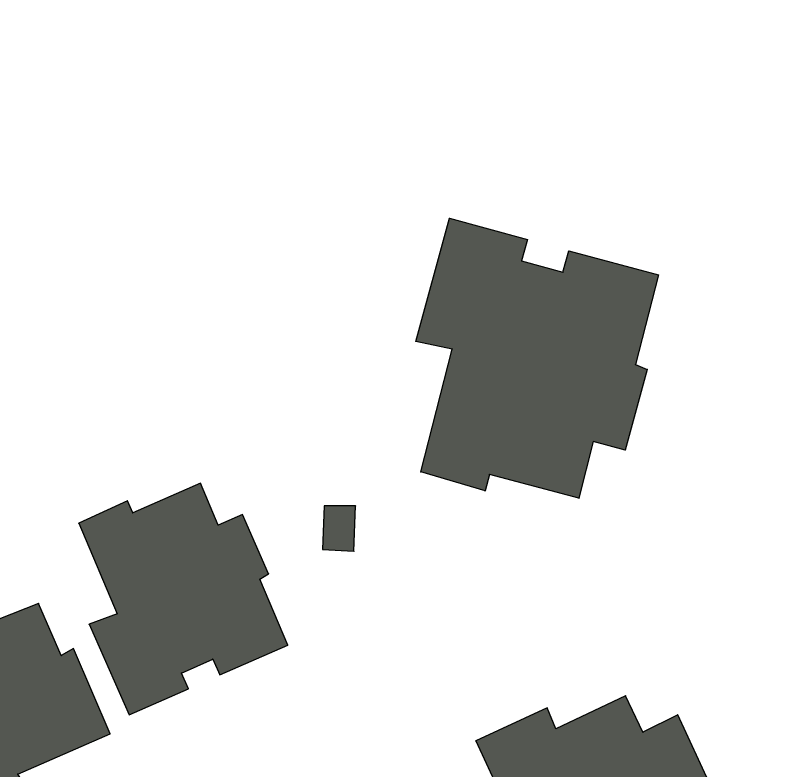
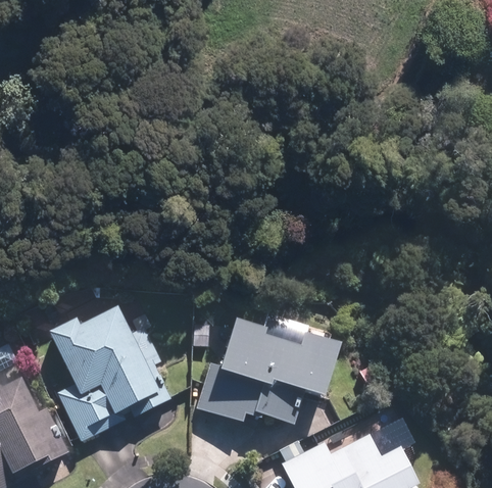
building: [416,218,658,498] -> none
building: none -> [195,311,341,424]

